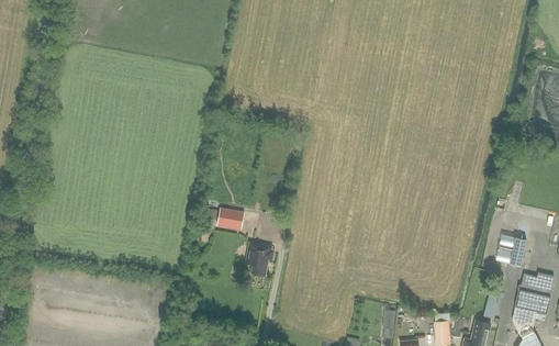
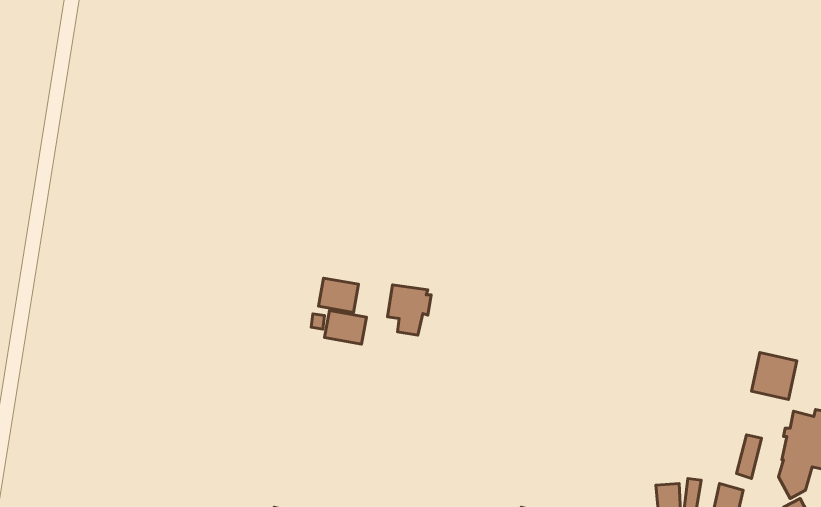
building: none -> [318,278,358,312]
building: [243,243,271,276] -> [387,285,431,335]

